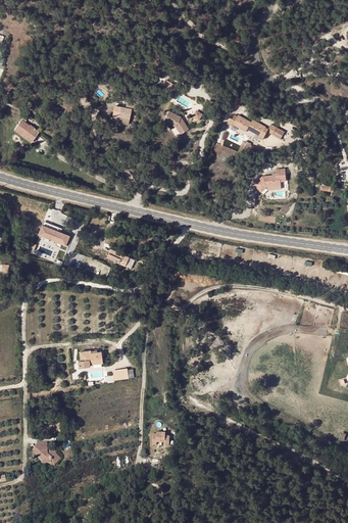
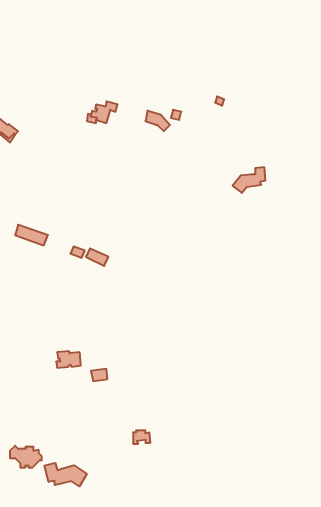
building: [228,114,287,139] -> none
building: none -> [45,463,87,486]

